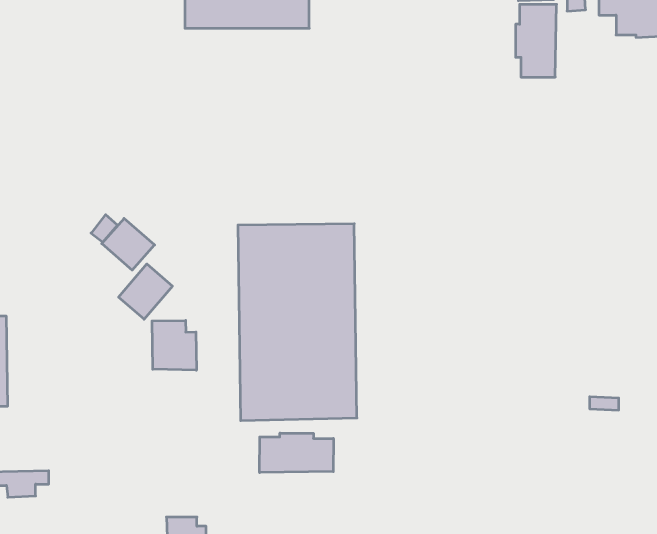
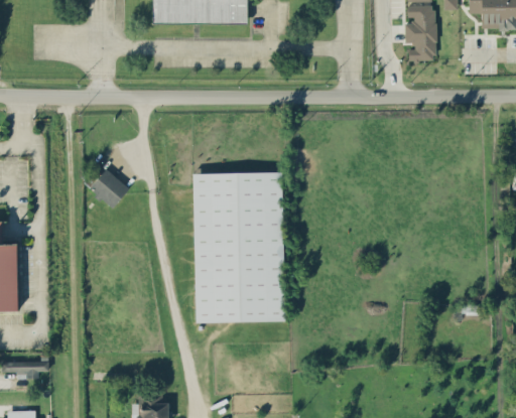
building: [119,264,172,319] -> none
building: [152,320,196,370] -> none
building: [260,433,333,473] -> none

